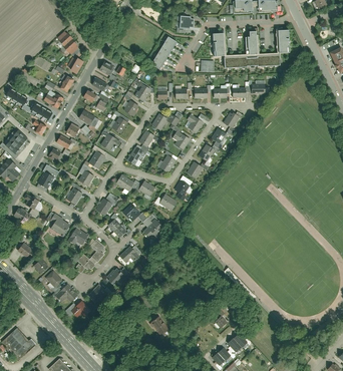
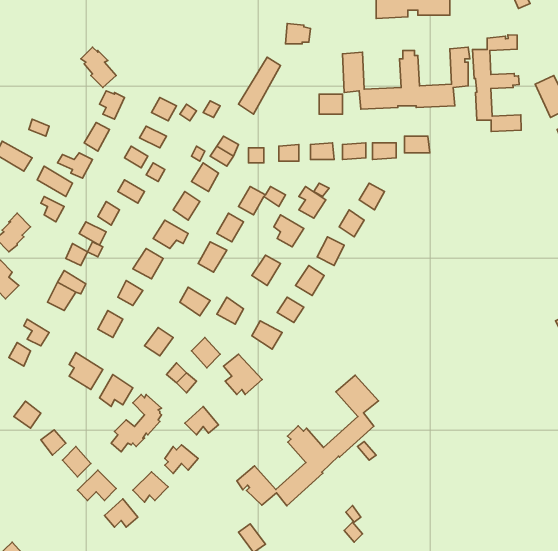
building: none -> [473,35,521,132]
building: none -> [237,375,378,506]

